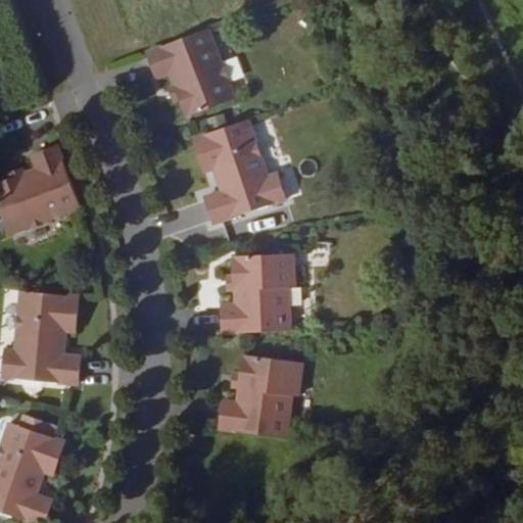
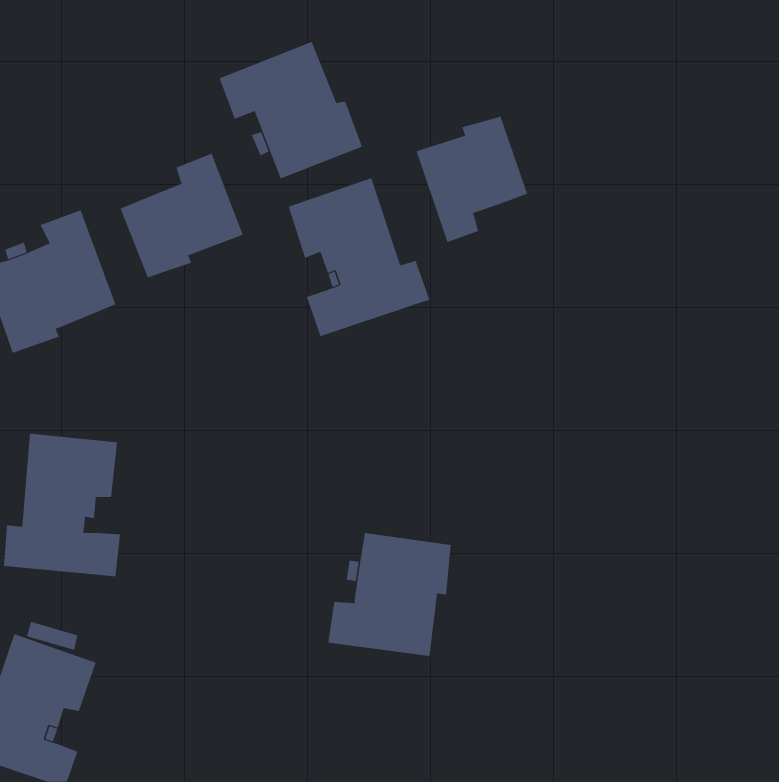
building: none -> [416,116,528,243]
building: none -> [120,153,244,278]
building: [221,253,294,333] -> none

